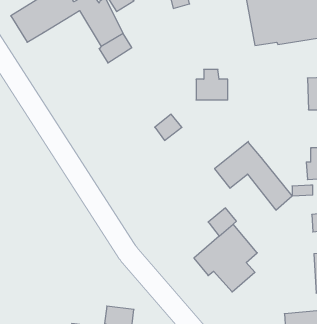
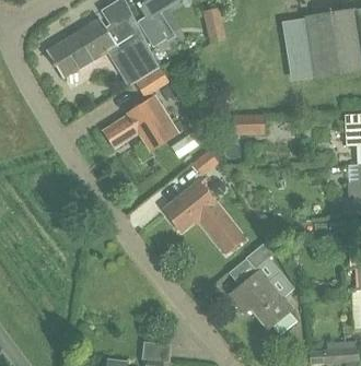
building: none -> [103,96,177,151]
building: [215,141,292,210] -> [164,182,242,251]

